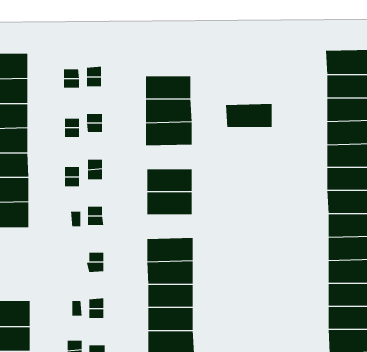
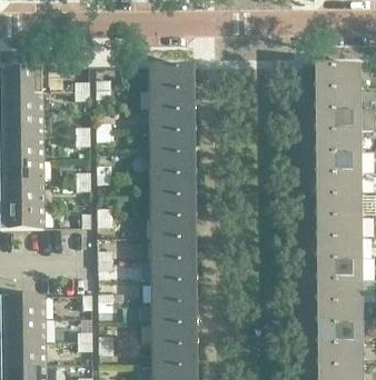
building: none -> [150,64,192,87]
building: [225,103,272,128] -> [150,150,194,172]
building: none -> [151,214,195,237]

